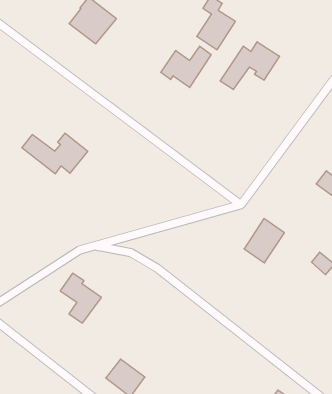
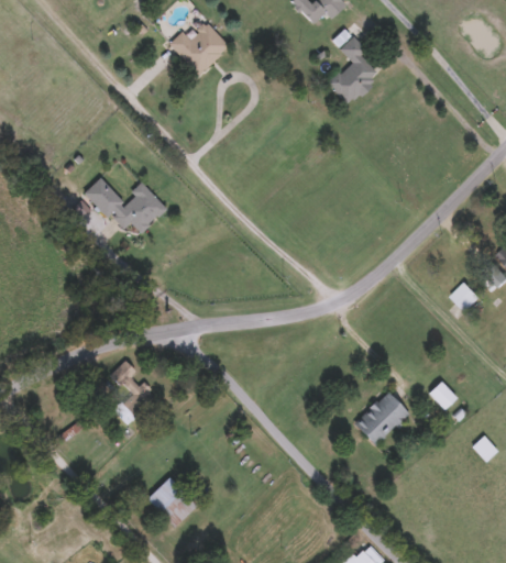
building: [220,42,280,90] -> none
building: [161,46,211,88] -> none
building: [244,219,284,263] -> [354,390,408,446]

